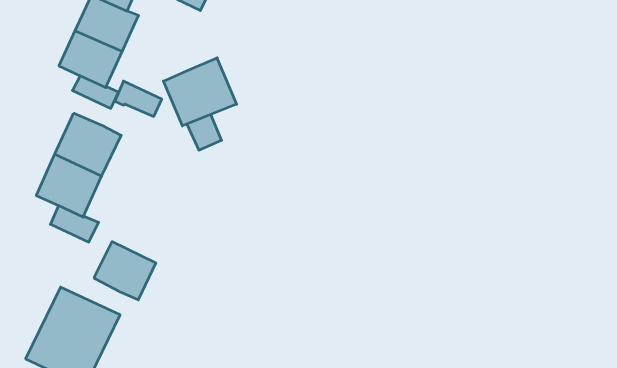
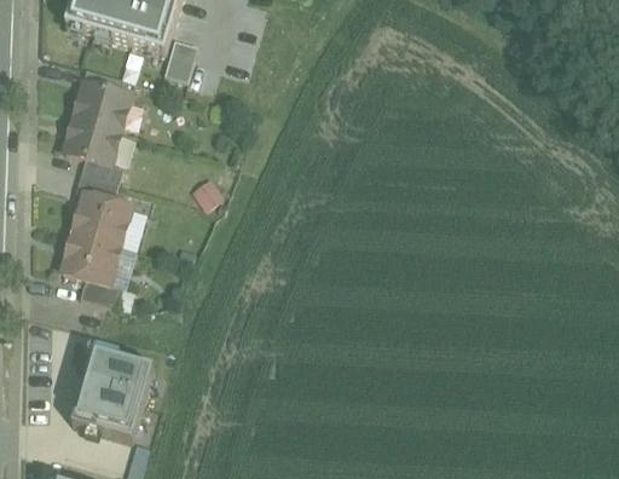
building: [163,58,237,126] -> none
building: [115,81,162,116] -> [74,171,116,198]
building: [95,242,156,300] -> none

